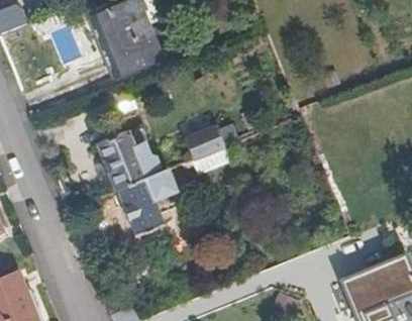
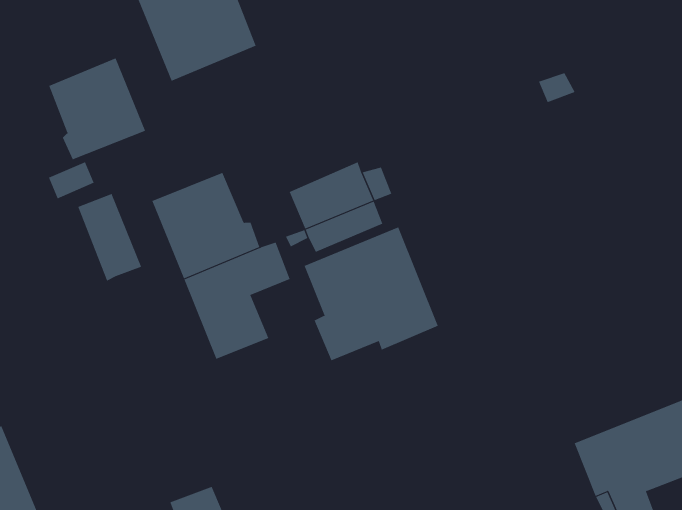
building: none -> [49,58,146,160]
building: none -> [78,193,142,282]
building: none -> [304,226,439,361]

